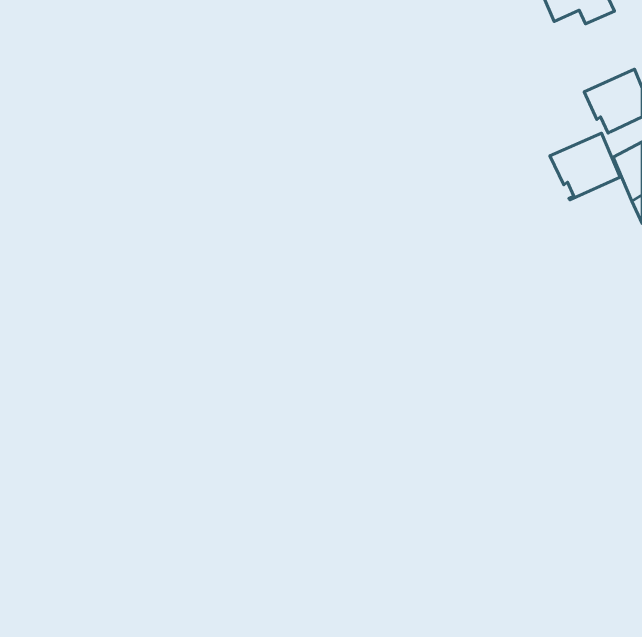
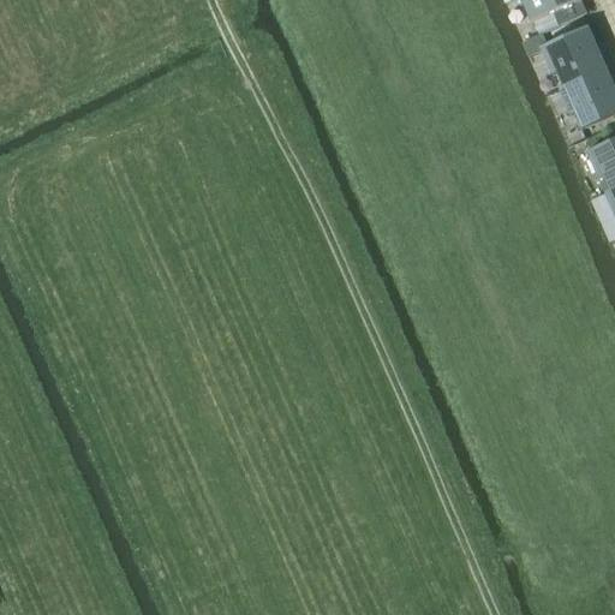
building: [550,133,620,200] -> [539,24,607,88]

